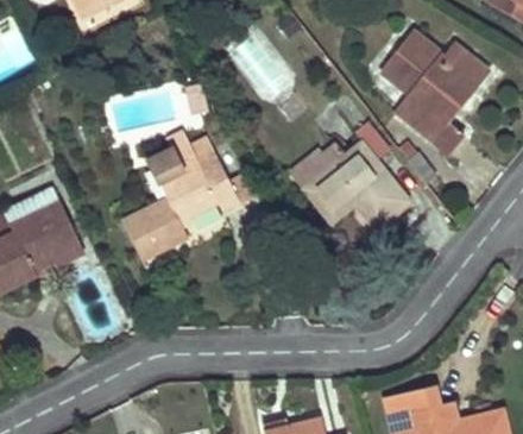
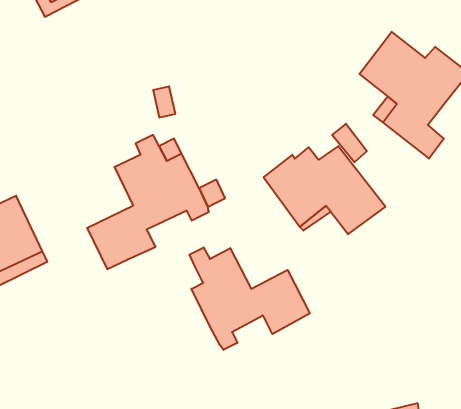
building: none -> [190,247,310,350]

